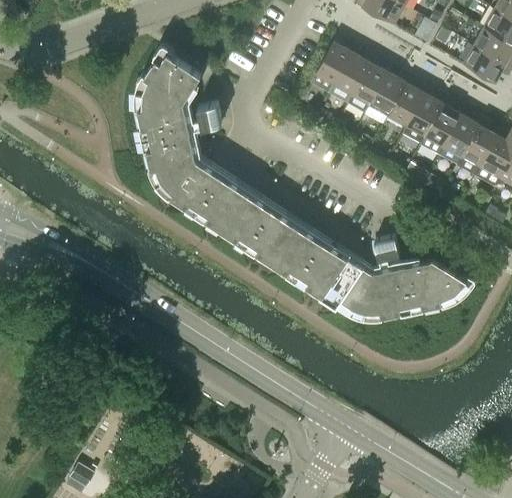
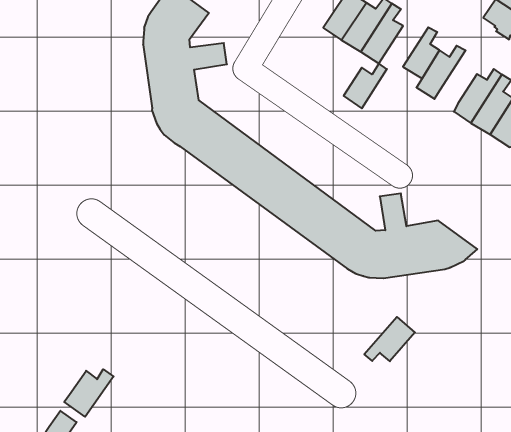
building: [370,72,410,116] -> [344,63,387,108]
building: [425,97,459,147] -> none
building: none -> [364,317,415,361]
building: none -> [64,369,114,417]

